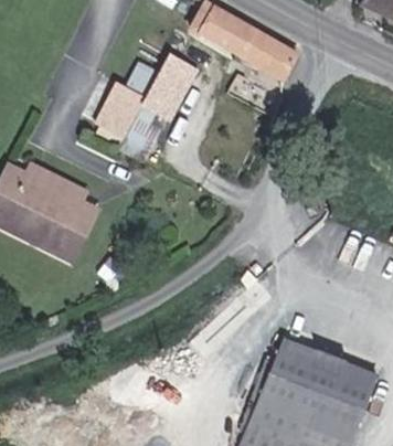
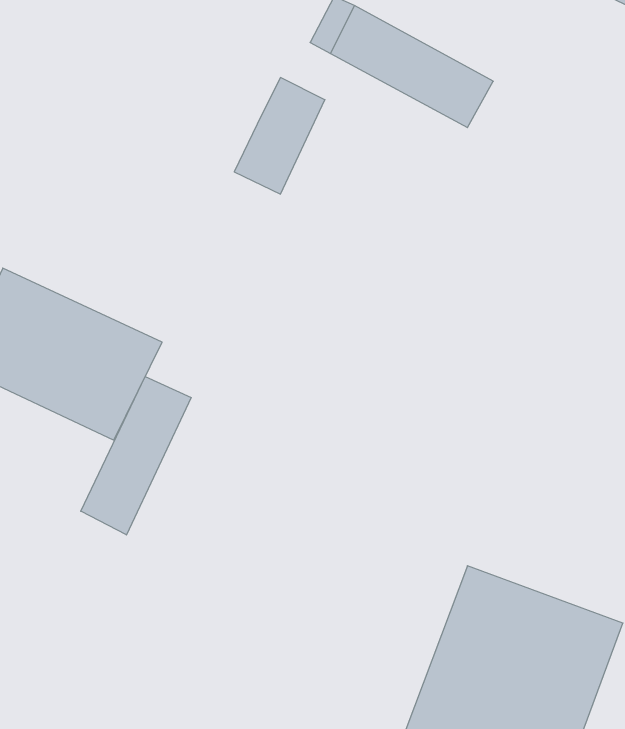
building: [107,61,171,149] -> none
building: none -> [81,377,191,535]

